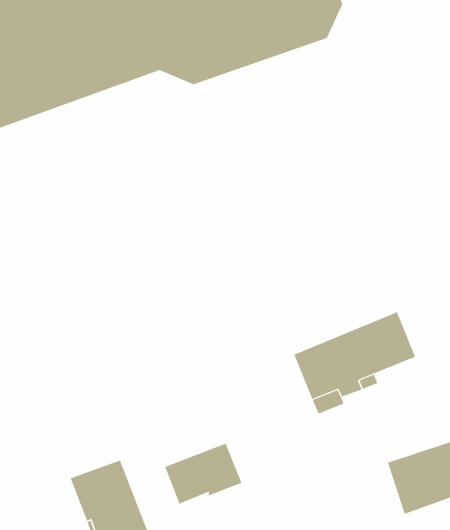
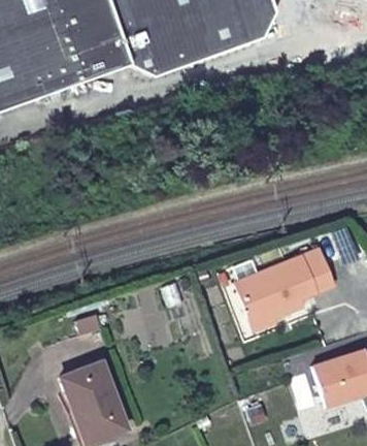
building: [165,443,242,504] -> none

